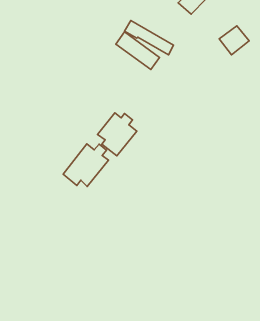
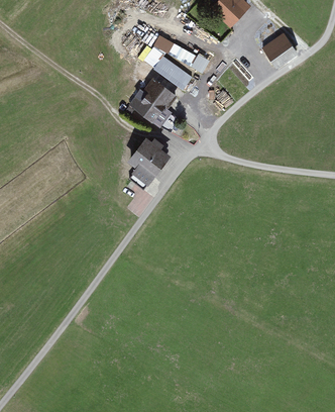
building: none -> [129,77,177,129]
building: [63,144,108,187] -> none

